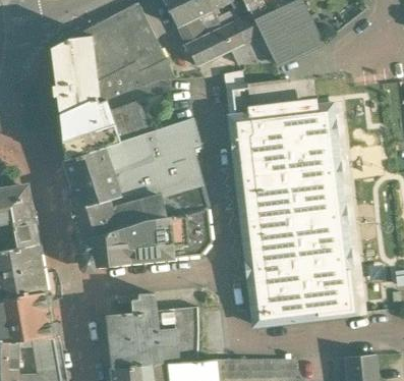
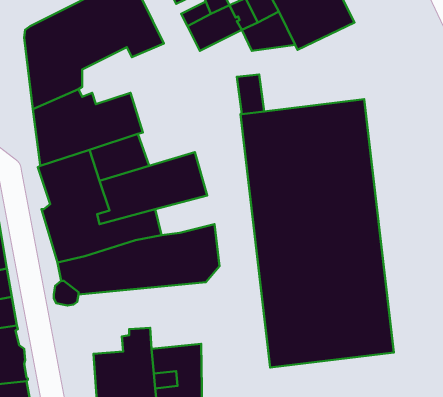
building: [97,59,176,103] -> none
building: [146,118,198,160] -> none
building: [160,184,209,217] -> none

